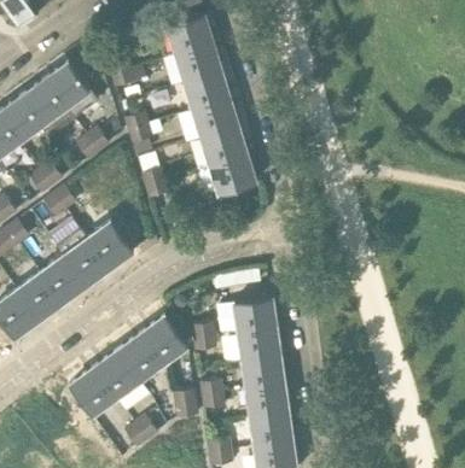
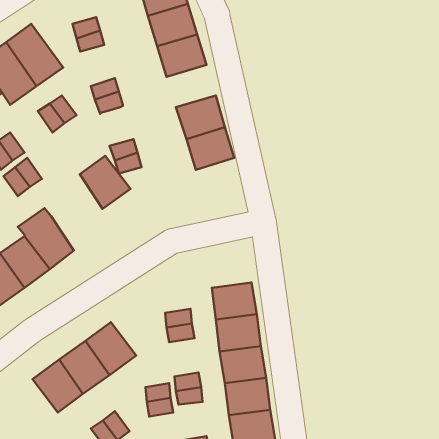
building: [192,100,237,139] -> none
building: [87,221,133,269] -> [80,156,130,209]
building: [141,317,187,364] -> none

